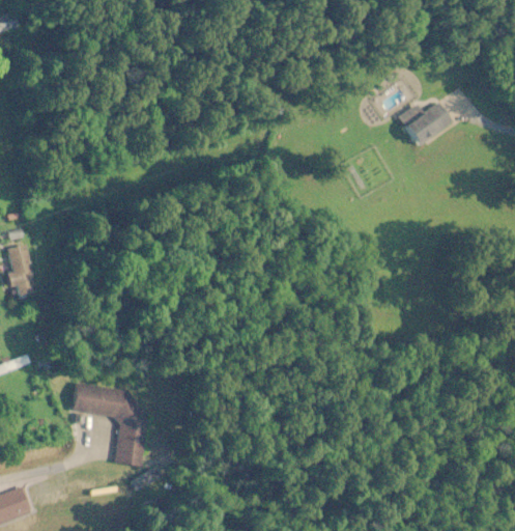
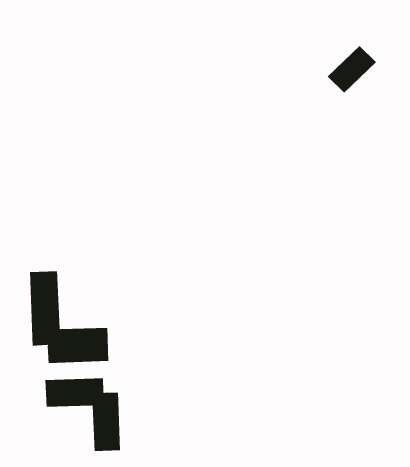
building: none -> [29,271,109,364]

